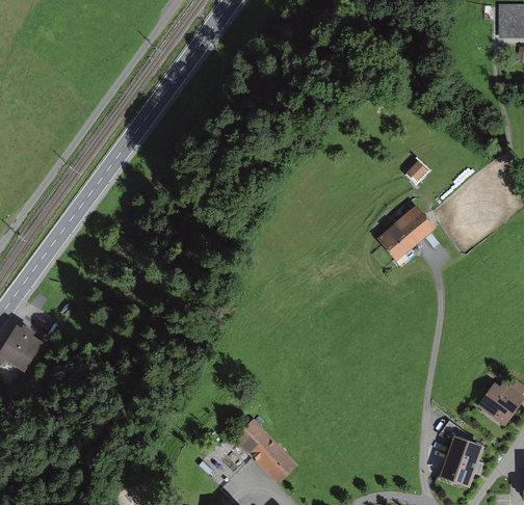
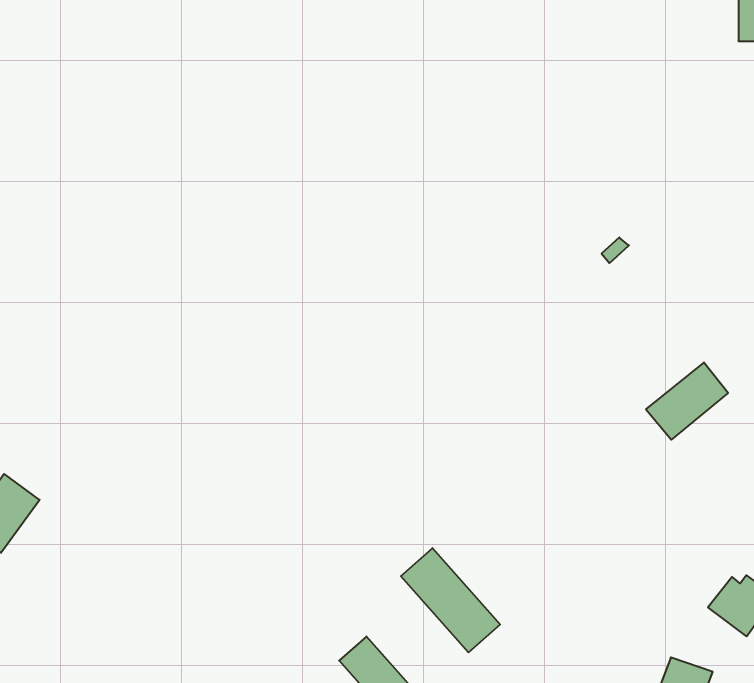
building: [378,208,431,258] -> [646,362,728,440]
building: none -> [401,548,500,652]

